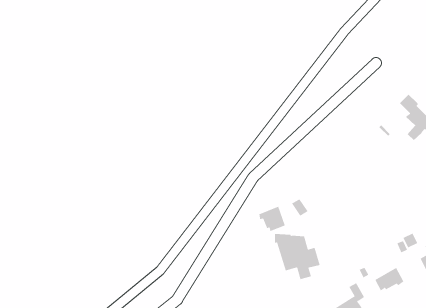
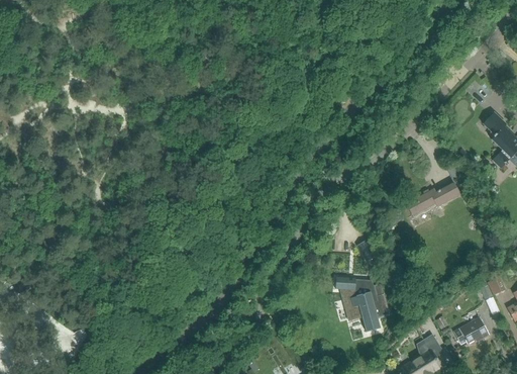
building: none -> [406,183,460,215]
building: [259,206,285,232] -> none

